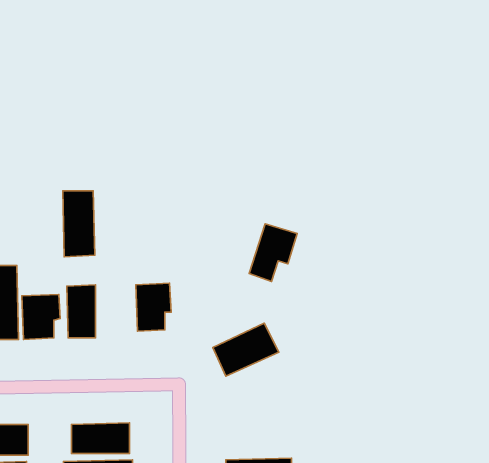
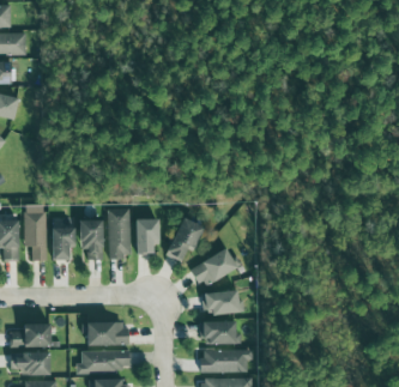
building: [63,191,95,257] -> [105,208,129,258]
building: [249,224,297,282] -> [167,218,202,261]
building: none -> [200,290,242,314]
building: none -> [198,321,240,344]

